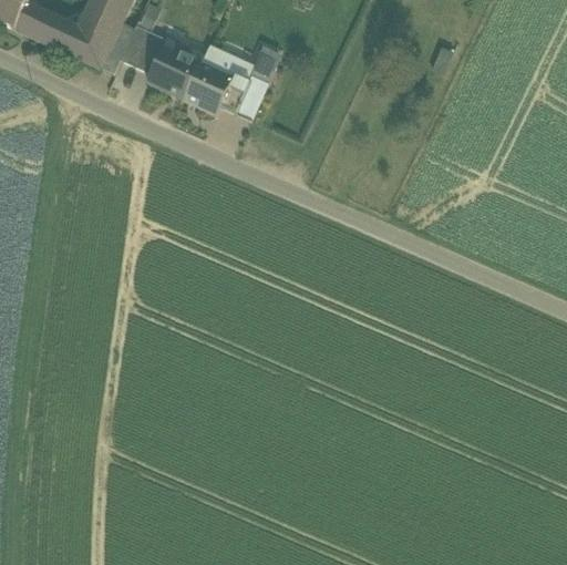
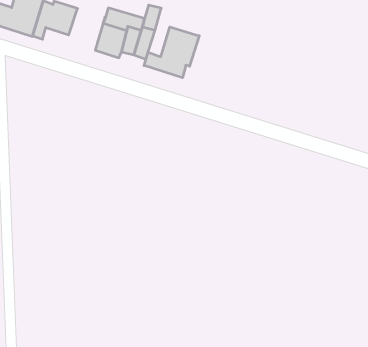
building: [146,37,202,96] -> none
building: none -> [144,27,199,78]

